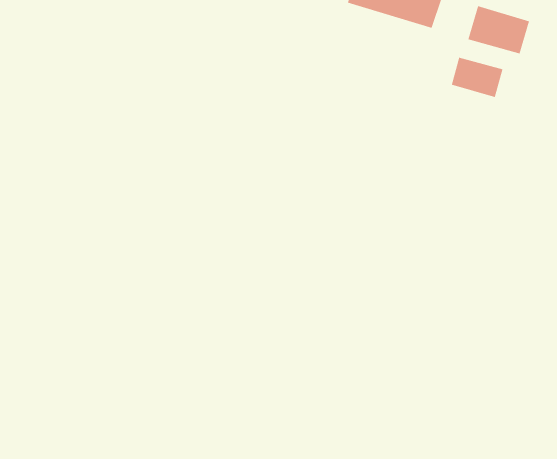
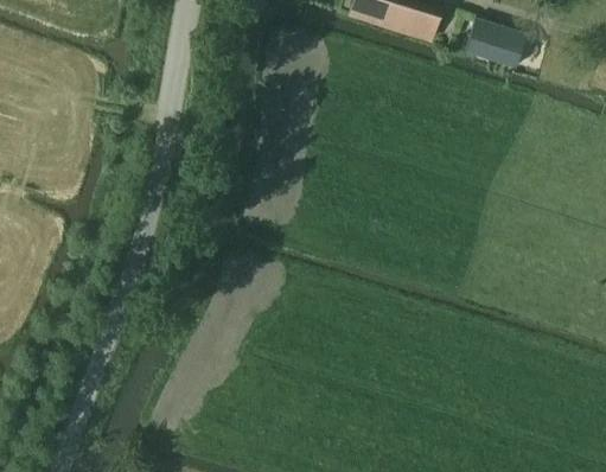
building: [451,57,503,98] -> none

